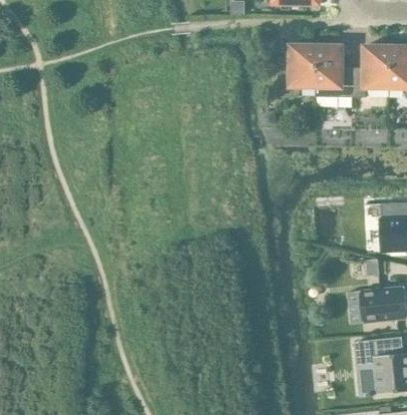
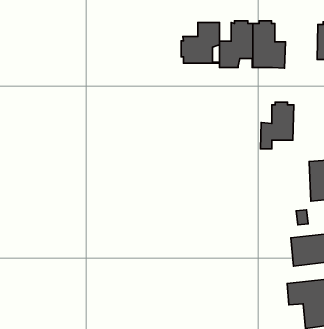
building: [352,44,390,97] -> [260,102,294,149]
building: none -> [181,23,220,63]

